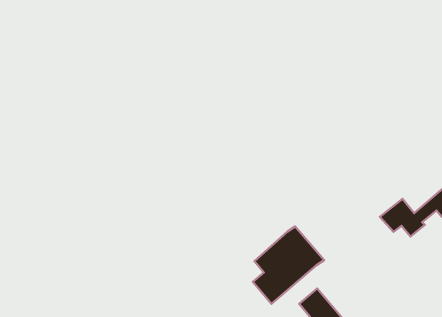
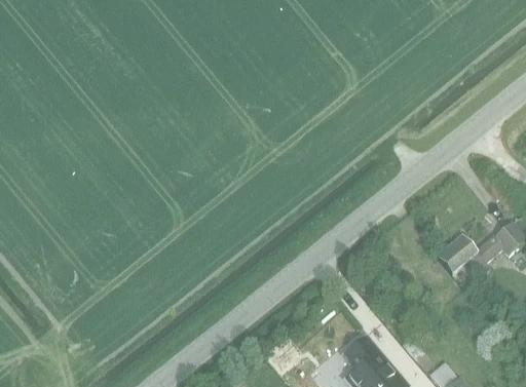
building: [253,226,324,304] -> none

